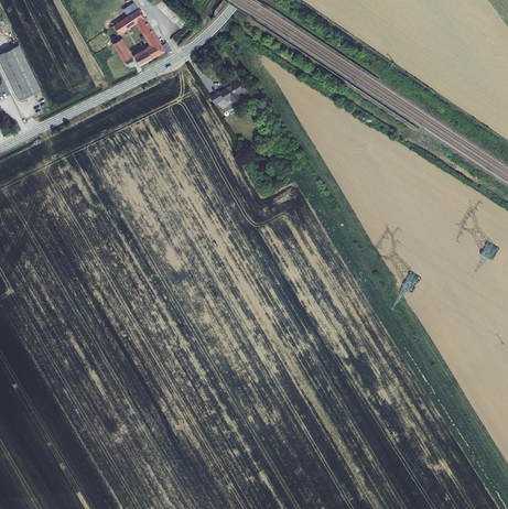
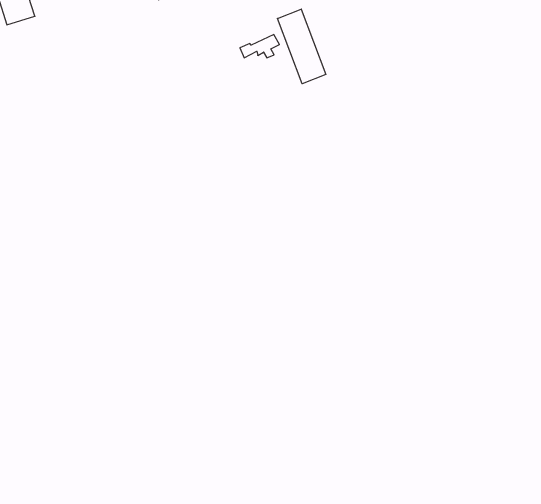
building: none -> [277,9,326,84]

